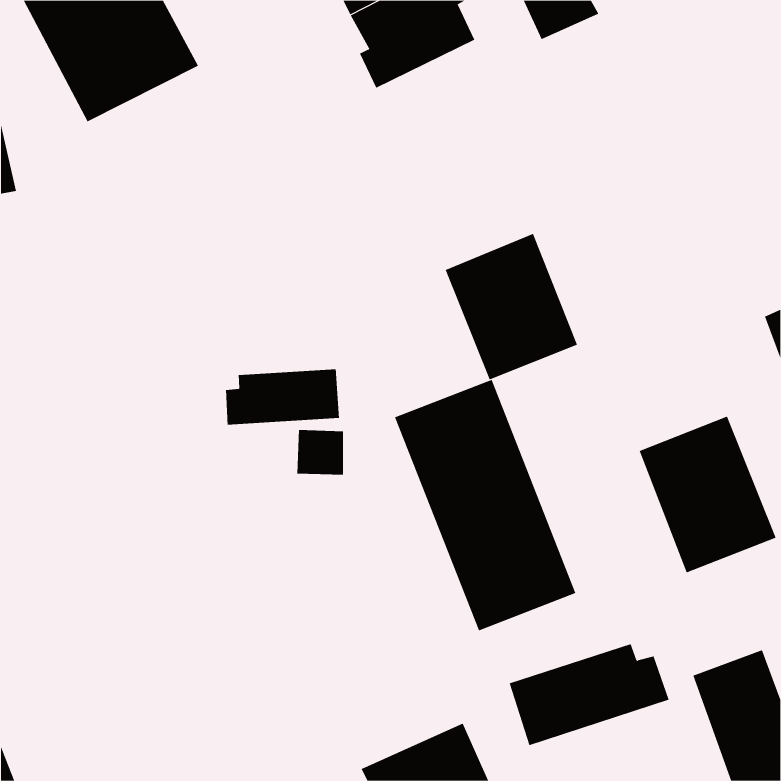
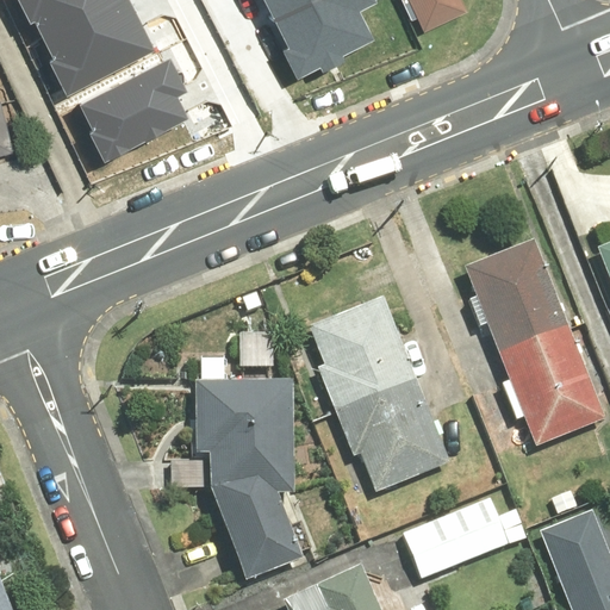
building: none -> [77,63,189,162]
building: [445,233,578,380] -> [463,237,567,351]
building: [225,368,339,425] -> none
building: none -> [193,378,303,580]

